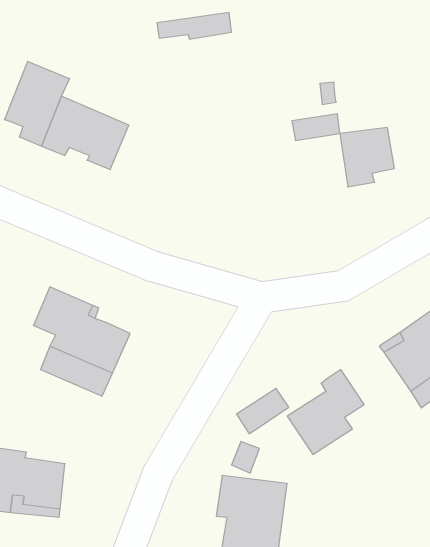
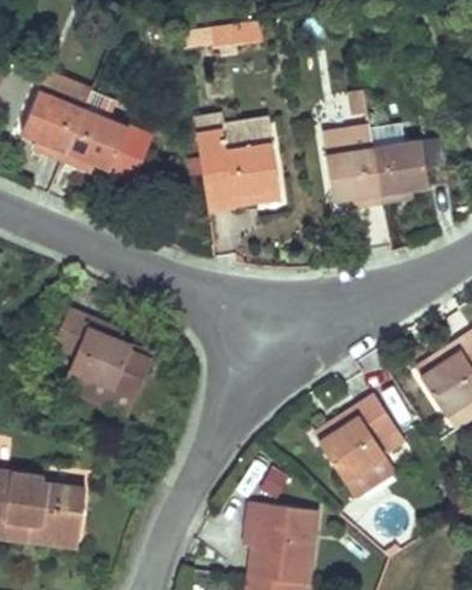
building: none -> [195,116,283,209]
building: none -> [326,146,380,206]
building: [236,388,289,434] -> [344,453,398,501]

